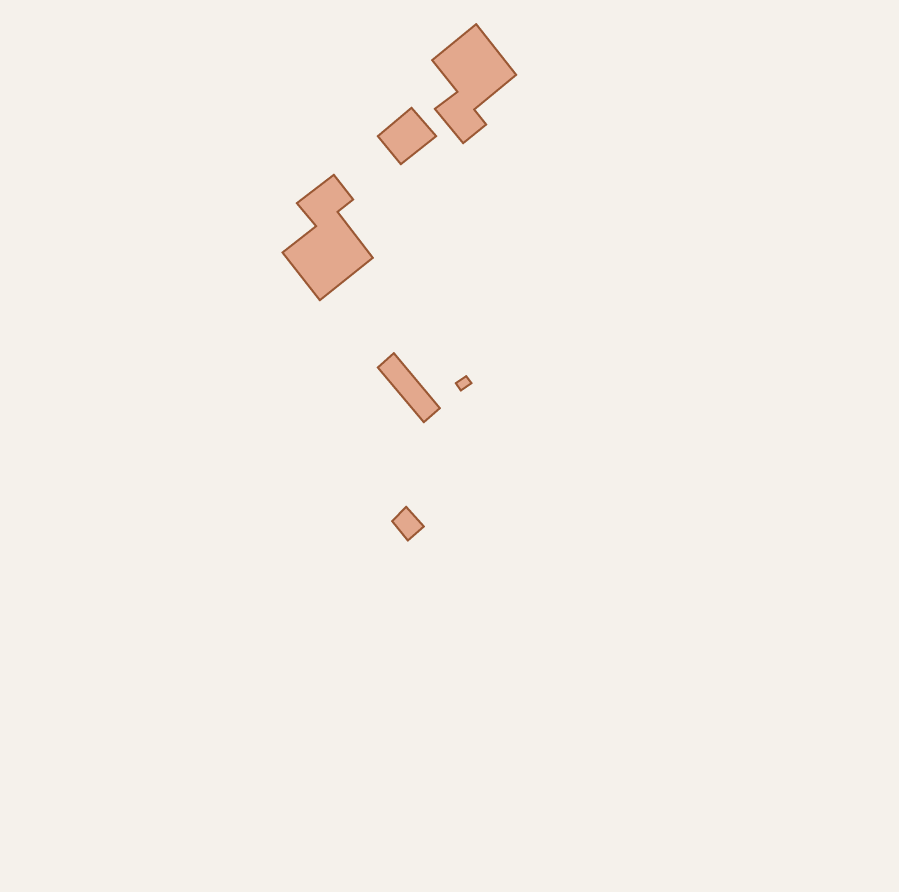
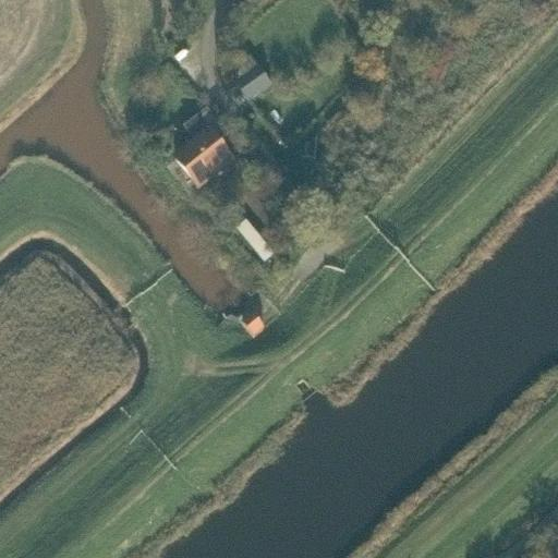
building: [432,24,516,143] -> none

